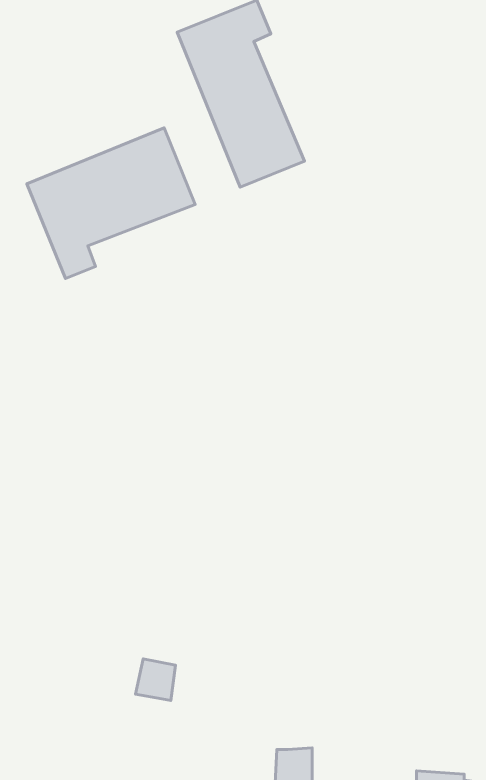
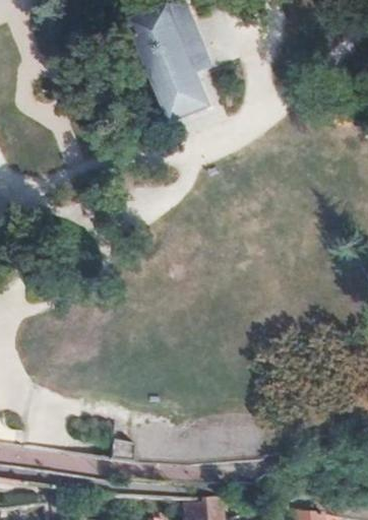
building: [27,128,195,279] -> none

